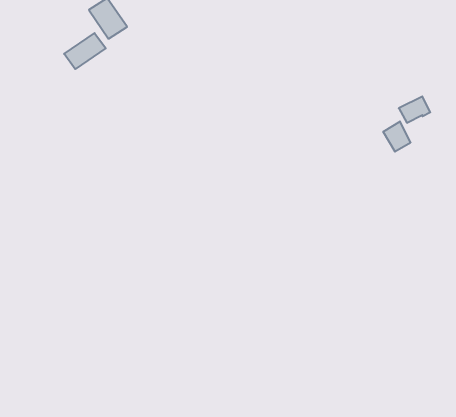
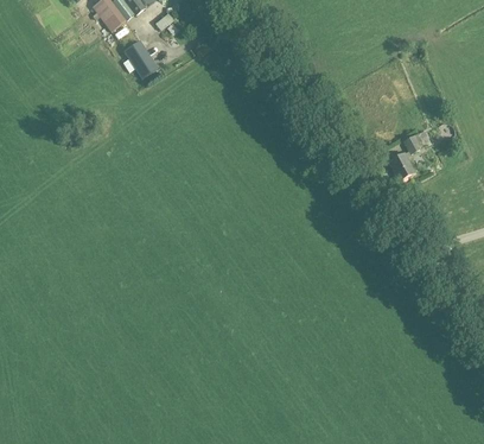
building: [64,33,106,69] -> none

